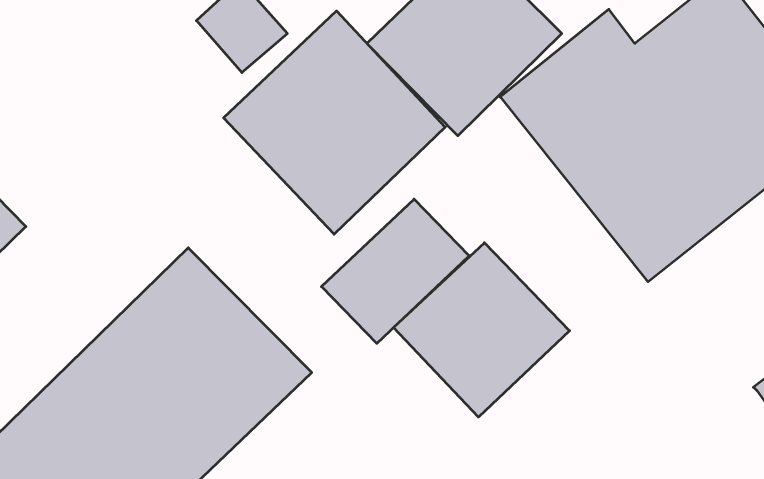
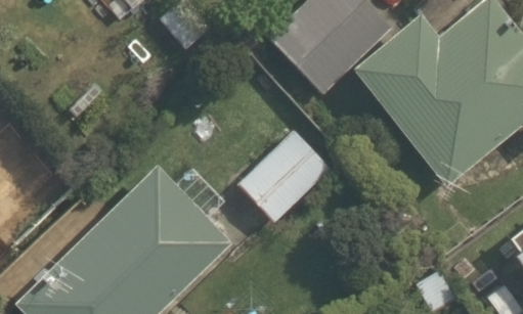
building: [224,11,445,234] -> none
building: [393,243,570,417] -> none

